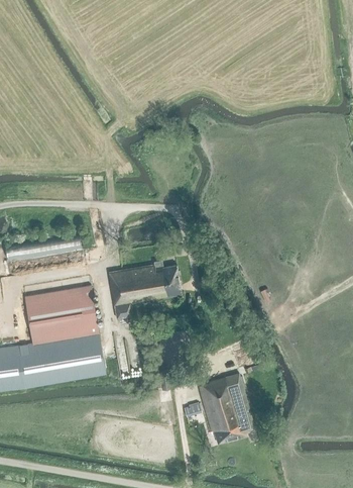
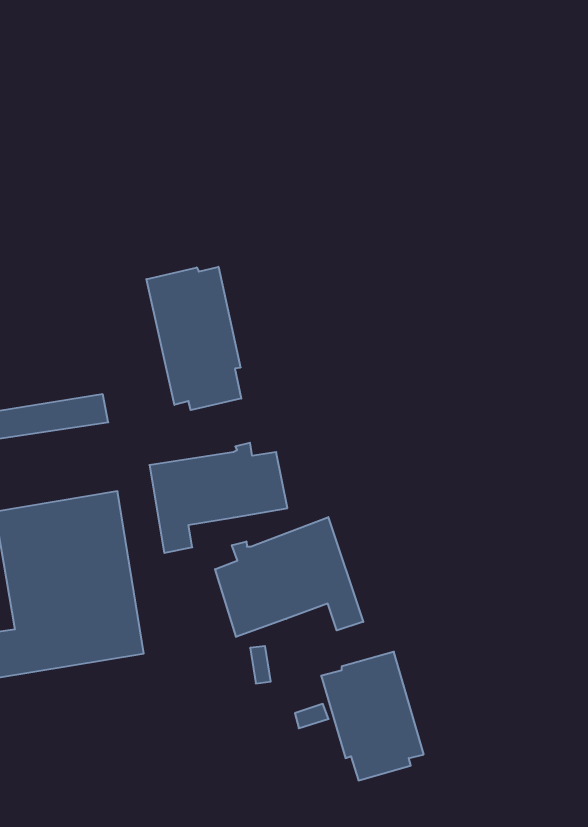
building: none -> [146,267,241,410]
building: none -> [215,517,363,637]

